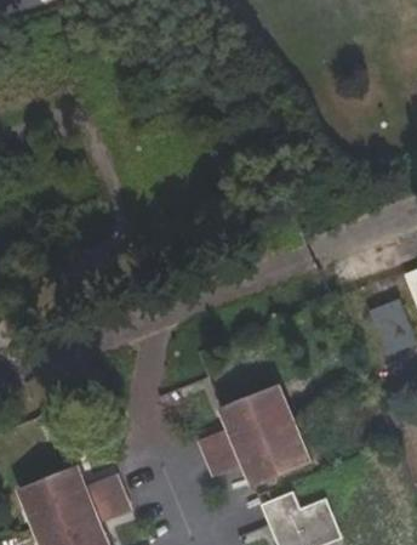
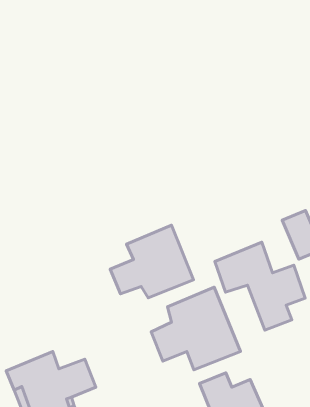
building: none -> [110,225,194,298]
building: none -> [215,242,305,330]

